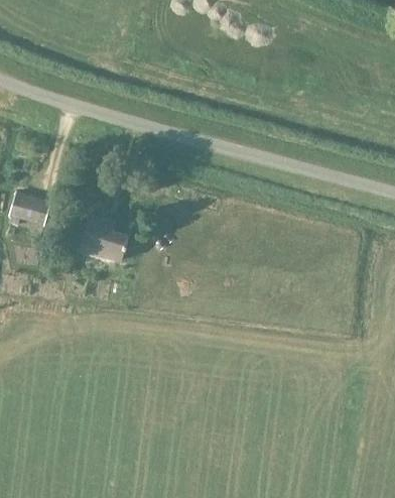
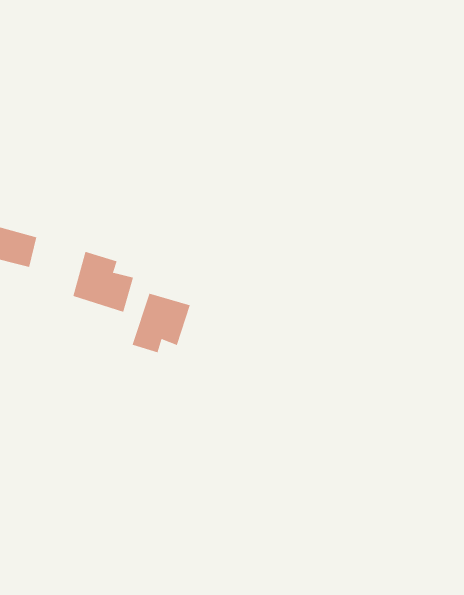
building: none -> [132,293,190,353]

